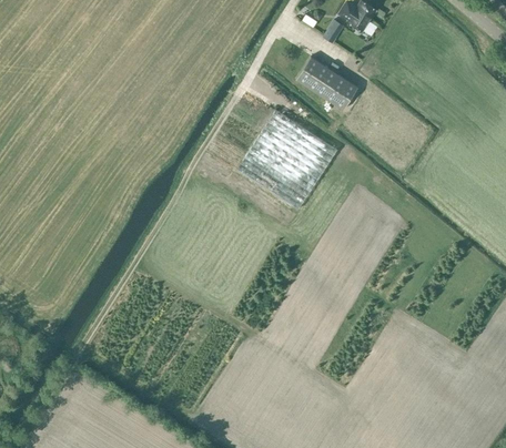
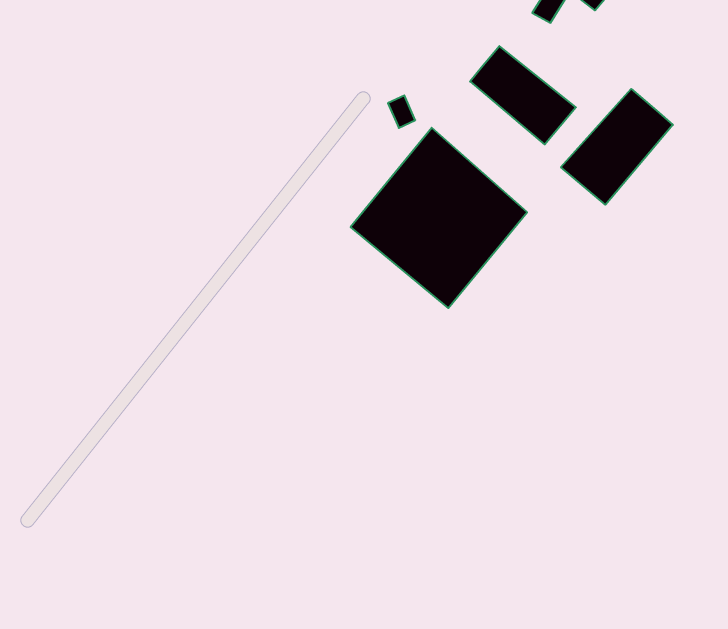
building: none -> [561,89,673,205]

